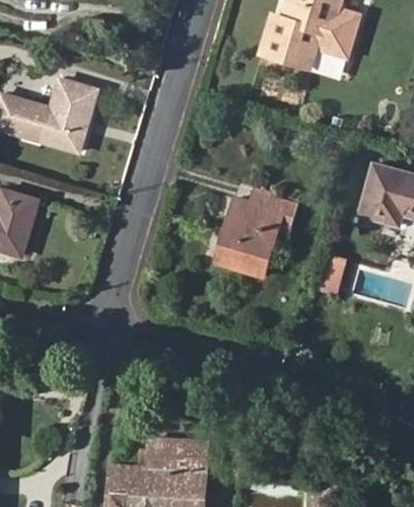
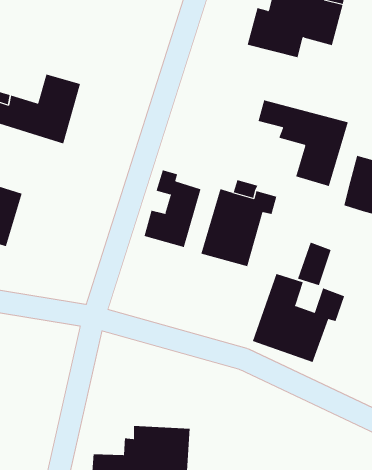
building: none -> [258,100,348,187]
building: none -> [144,169,201,248]
building: none -> [252,273,345,363]

